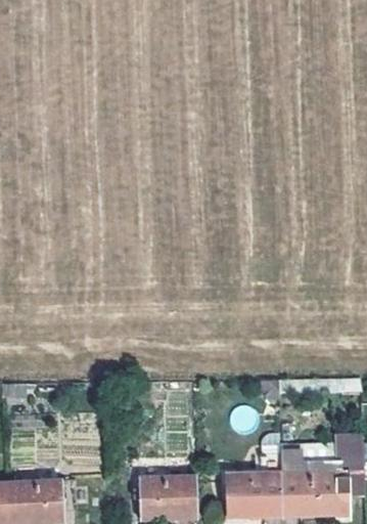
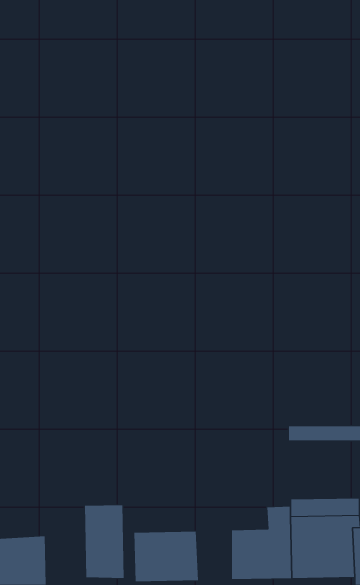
building: none -> [84,505,124,579]

